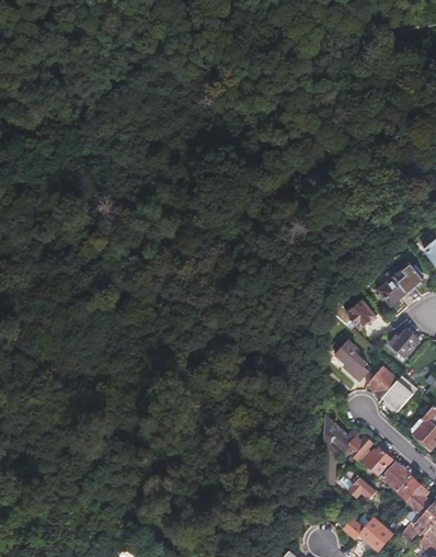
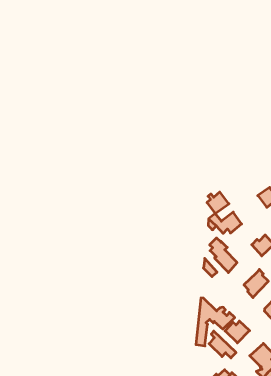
building: [378,276,408,306] -> [207,192,229,214]
building: [367,367,398,398] -> none
building: [382,461,411,491] -> none

